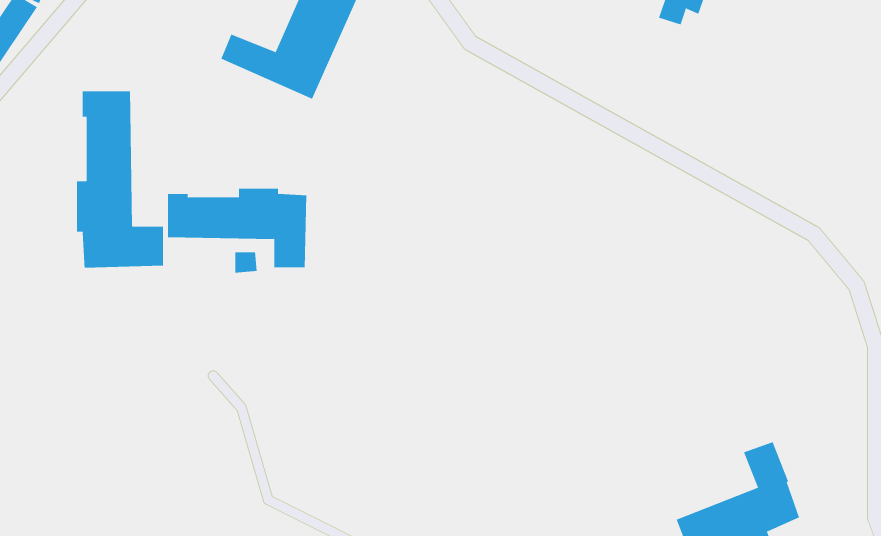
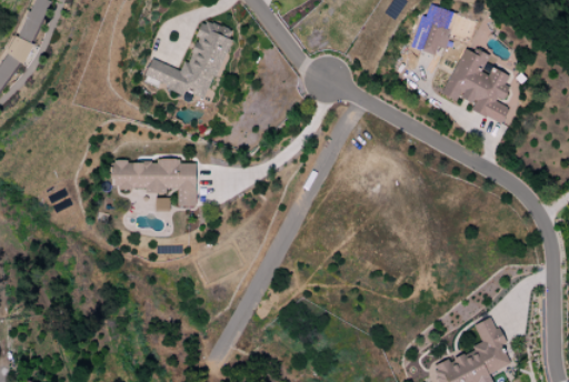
building: none -> [442,47,510,124]
building: [76,91,164,268] -> none

